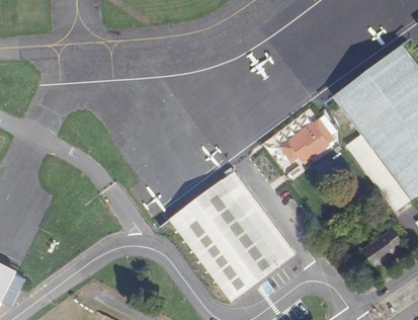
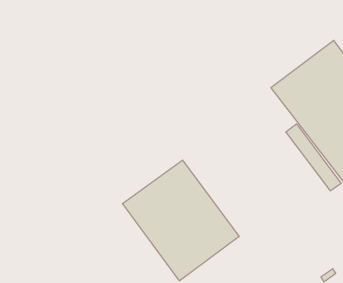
building: [279,119,332,163] -> none
building: [362,226,405,268] -> none

